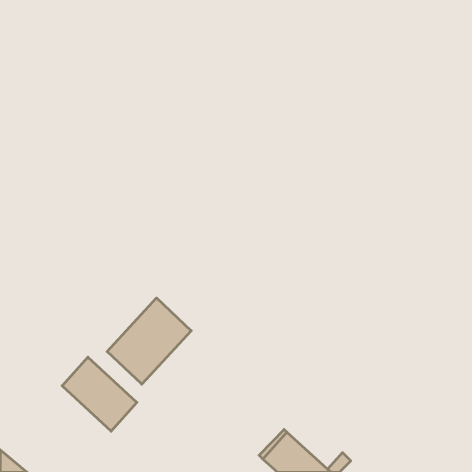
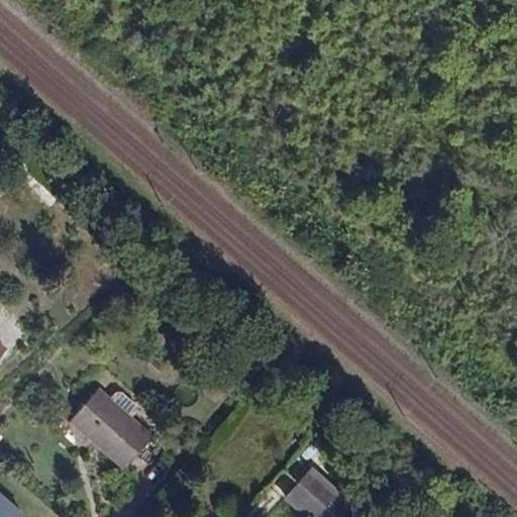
building: [107,298,191,384] -> none

